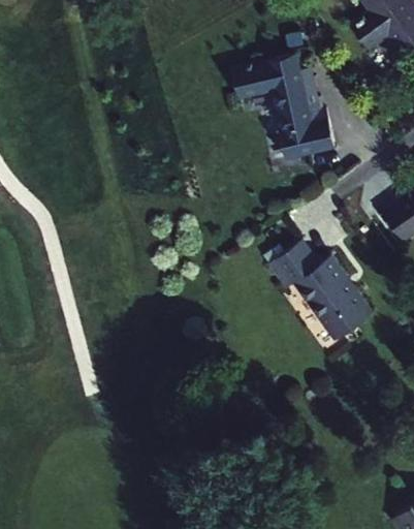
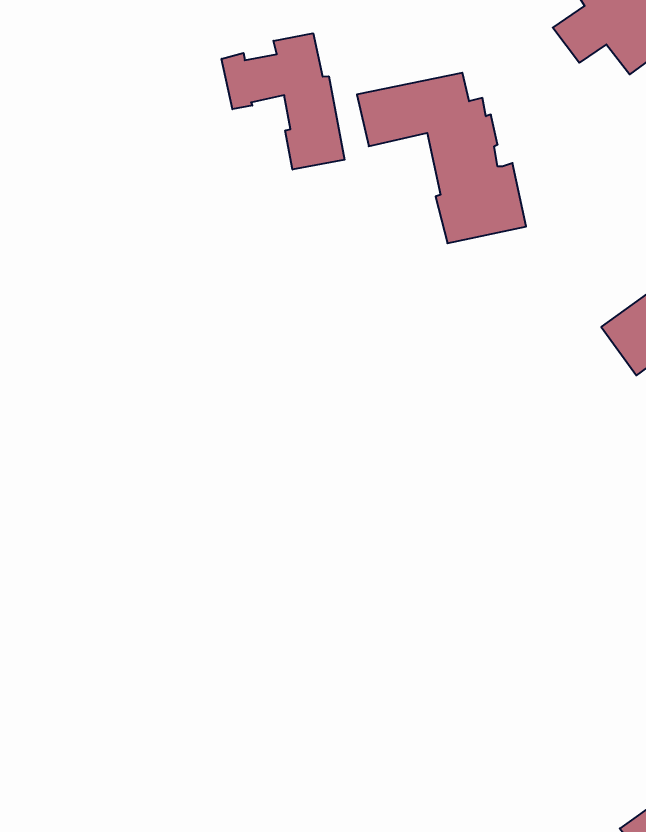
building: none -> [222,33,345,170]
building: [269,239,373,339] -> none

